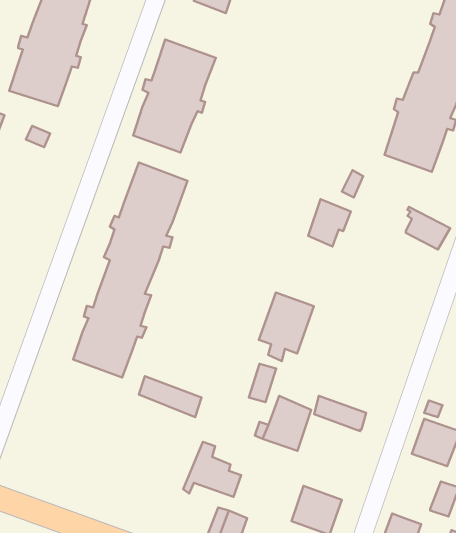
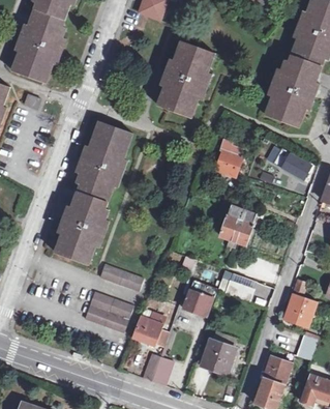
building: [133,39,216,152] -> [158,39,214,116]
building: [259,292,314,361] -> [220,205,258,252]
building: none -> [84,294,132,334]

